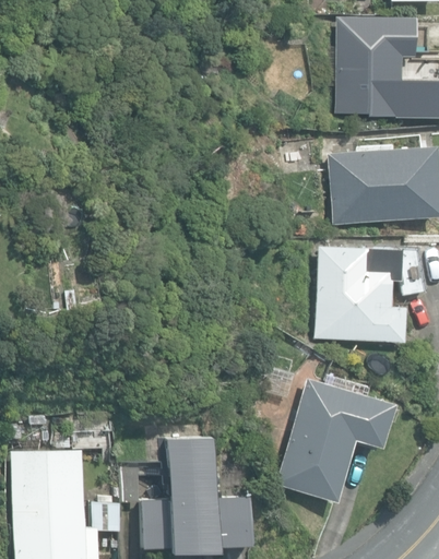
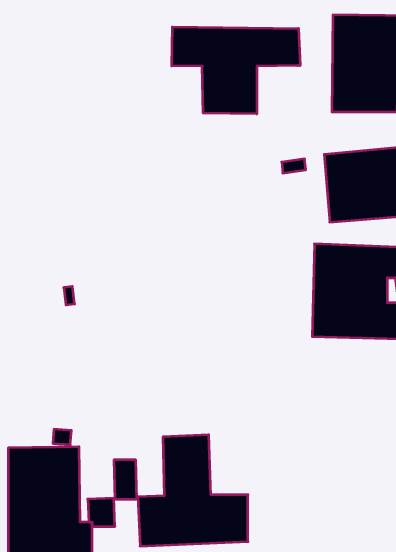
building: none -> [172,27,300,114]
building: [275,374,392,501] -> none

